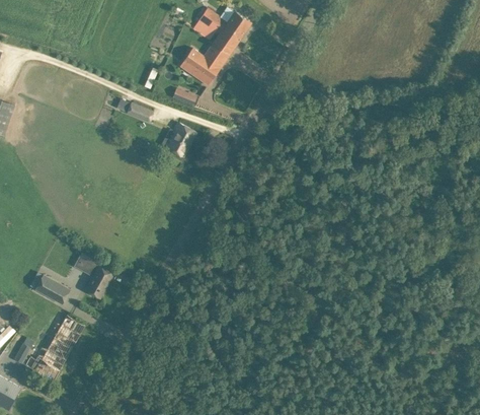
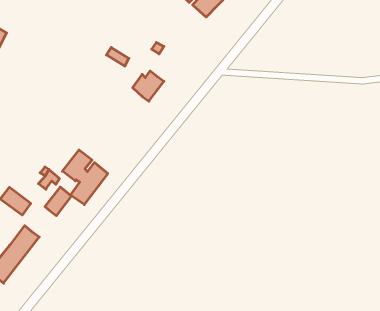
building: [179,43,230,85] -> none
building: none -> [62,150,108,205]

